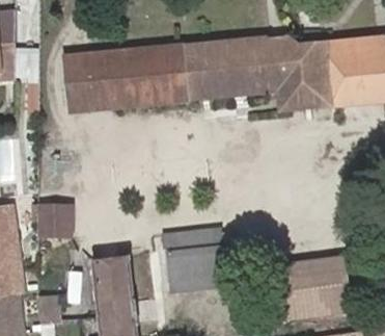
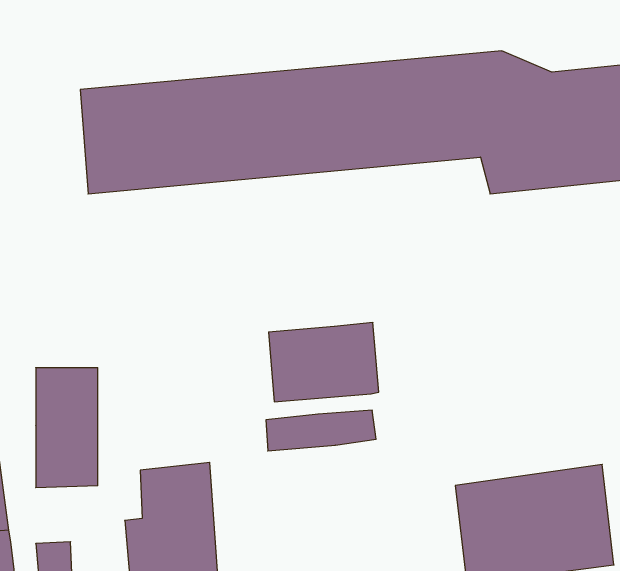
building: [167,248,226,290] -> [269,323,379,402]

